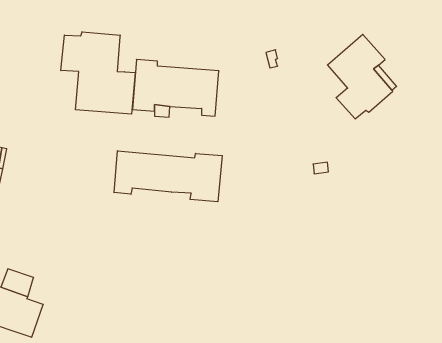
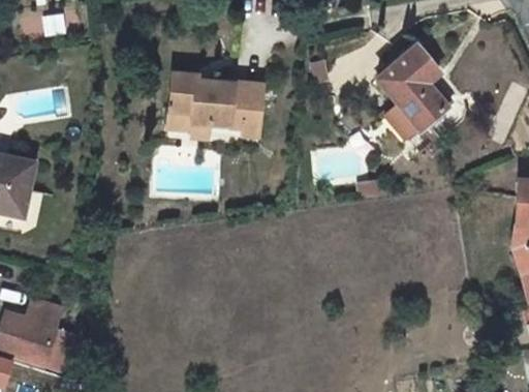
building: [61,32,135,114] -> none
building: [114,151,222,202] -> none

